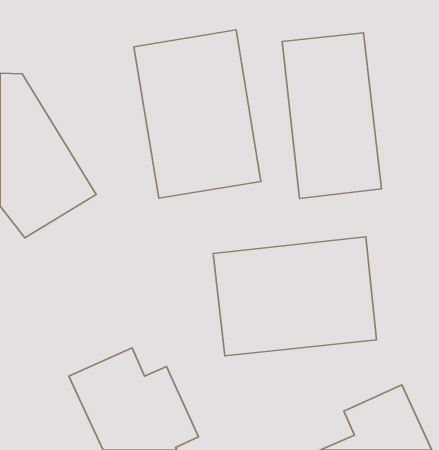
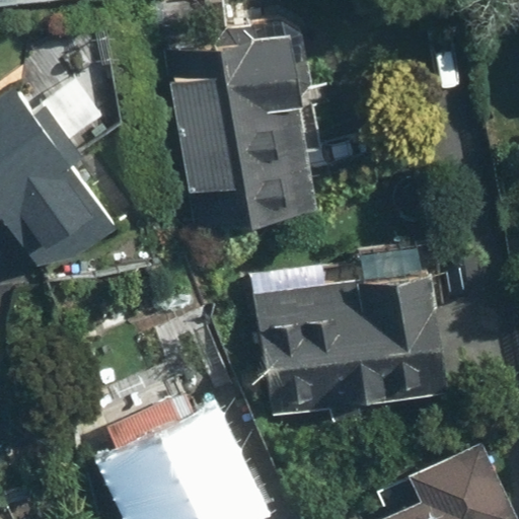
building: [282,33,381,199] -> none

